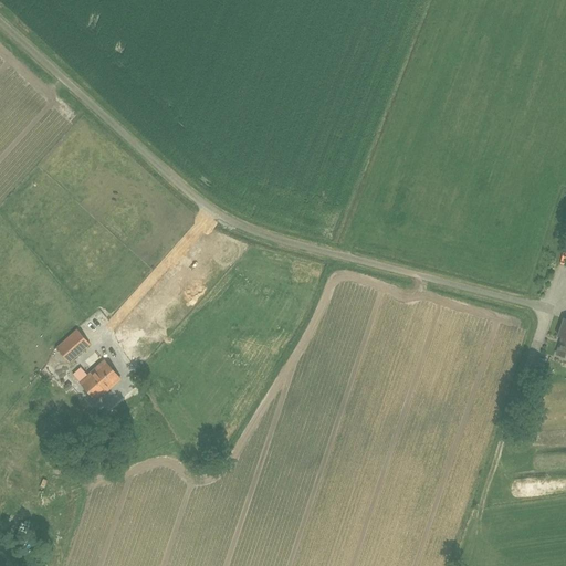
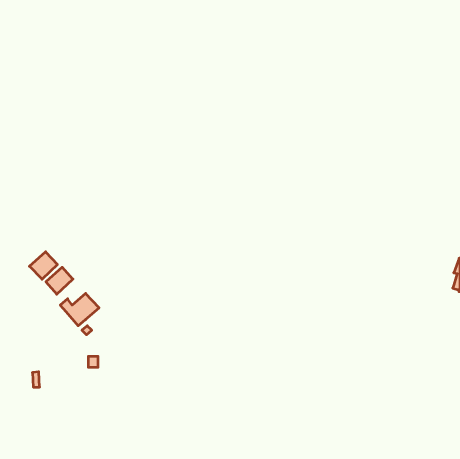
building: none -> [29,252,57,279]

